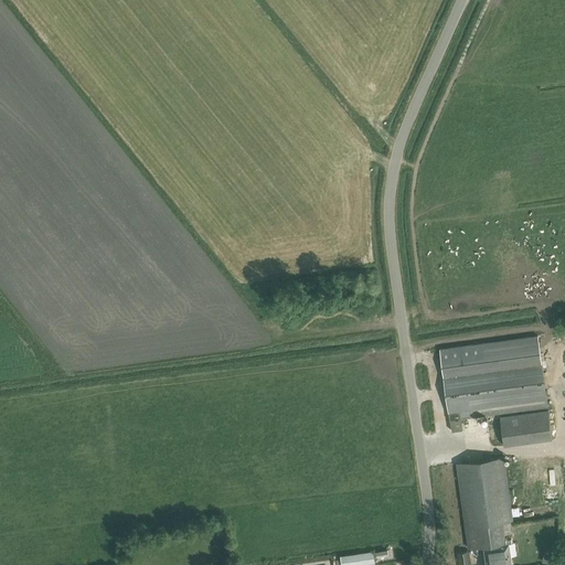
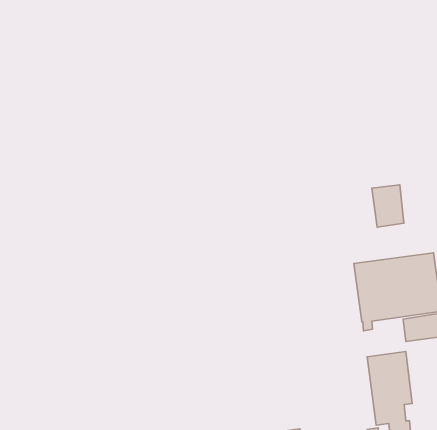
building: none -> [372,185,404,227]

